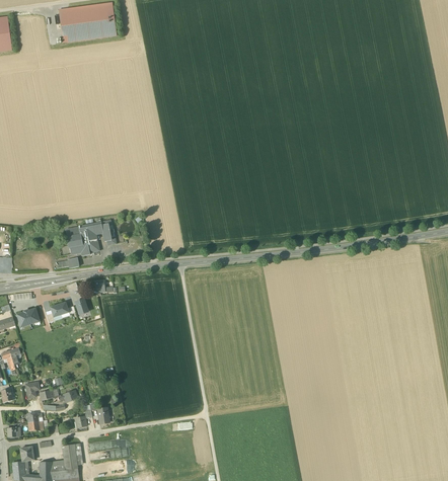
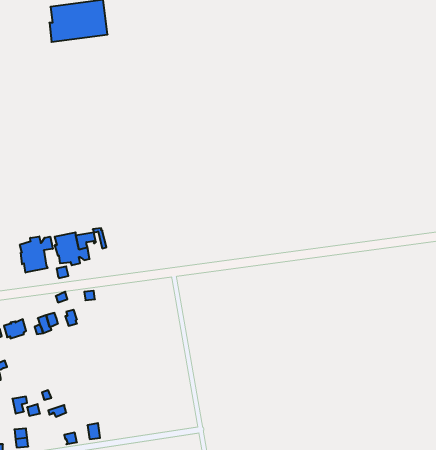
building: none -> [20,236,53,273]

